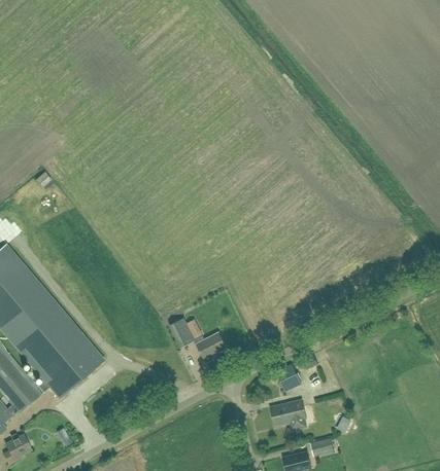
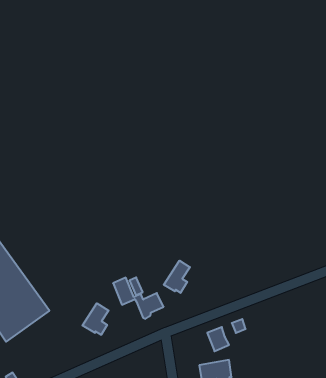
building: none -> [164,261,190,293]
building: none -> [82,303,109,335]

